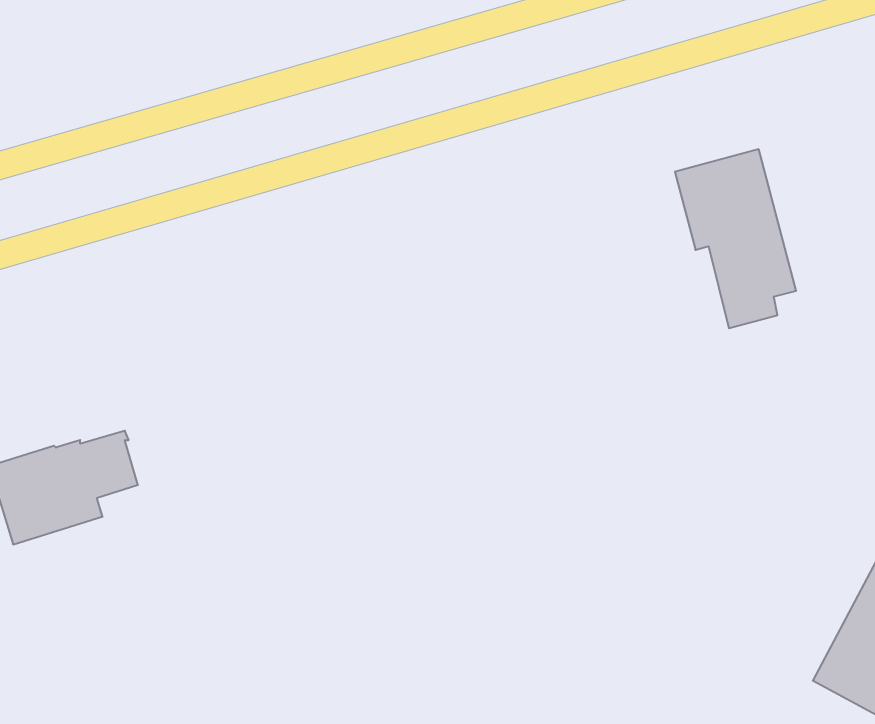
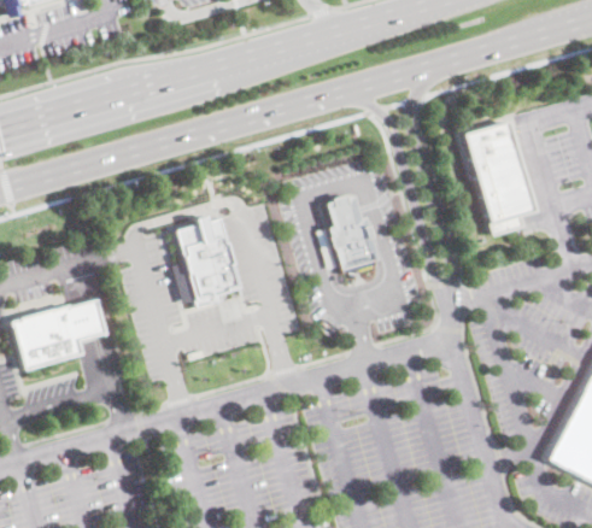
building: none -> [327,195,377,271]
building: none -> [175,213,241,306]

